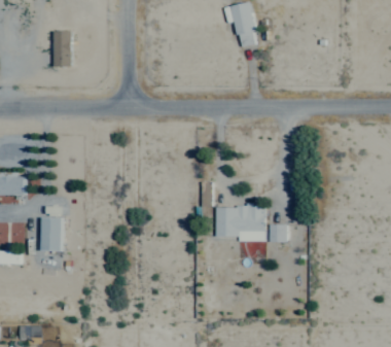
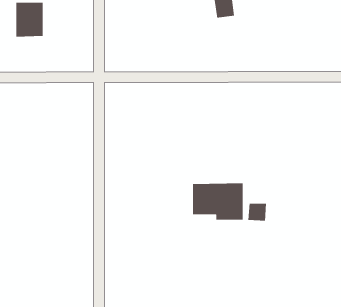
building: [42,217,63,250] -> none

